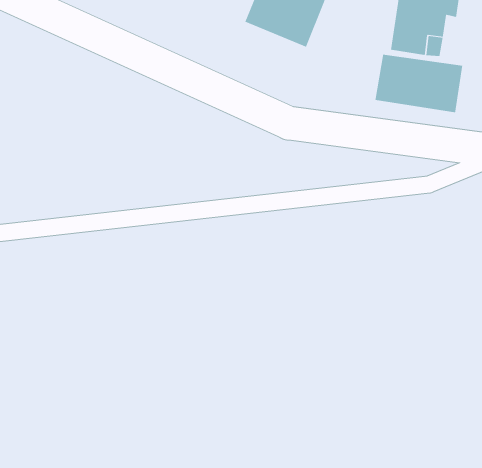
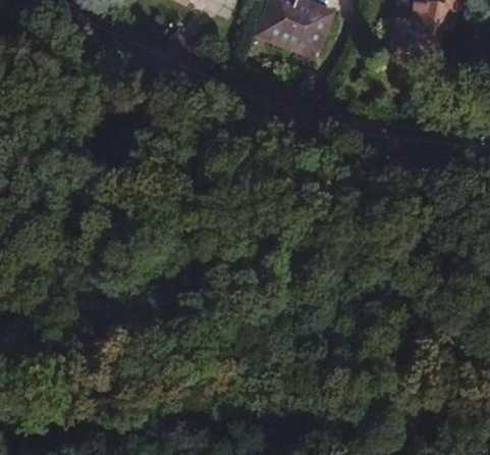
building: [375,54,463,113] -> none

